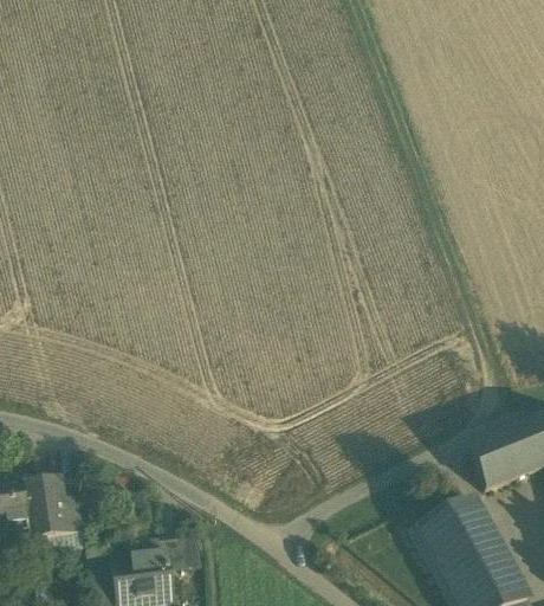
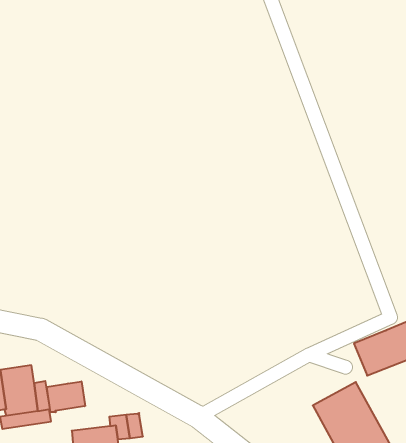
building: none -> [47,381,85,412]

